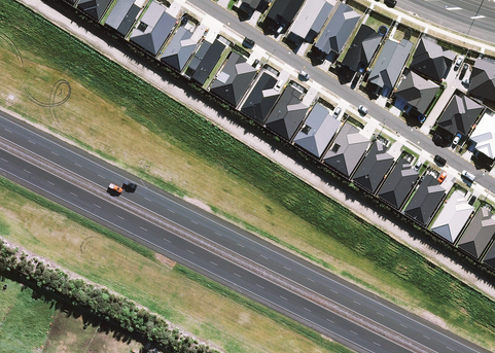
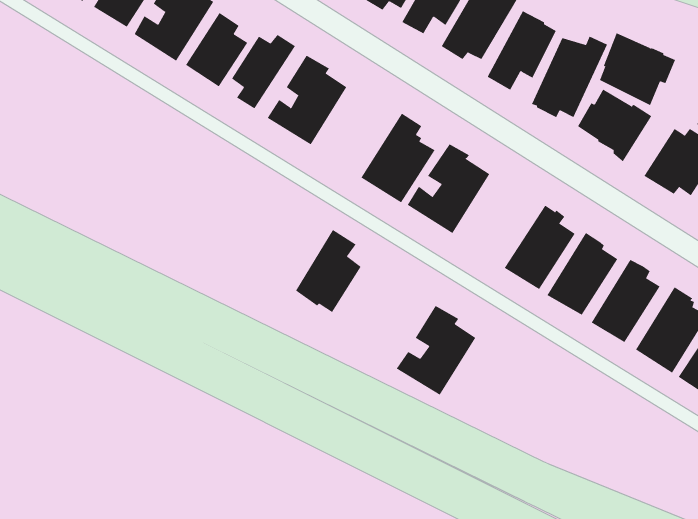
building: [241,71,281,121] -> [295,229,362,313]
building: [323,121,372,176] -> [396,305,476,396]

